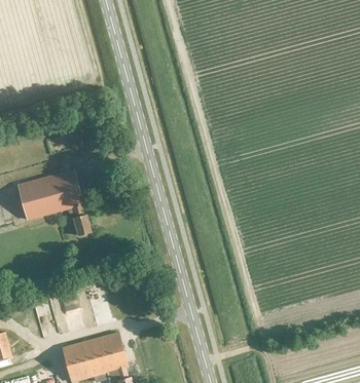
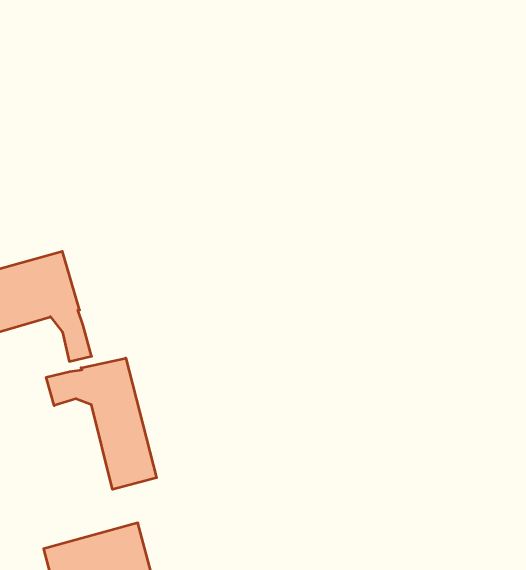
building: none -> [46,358,157,489]

